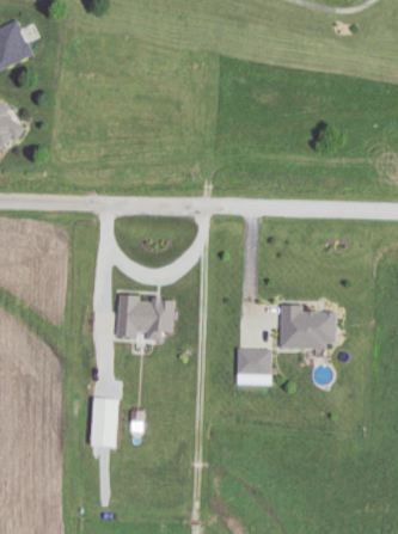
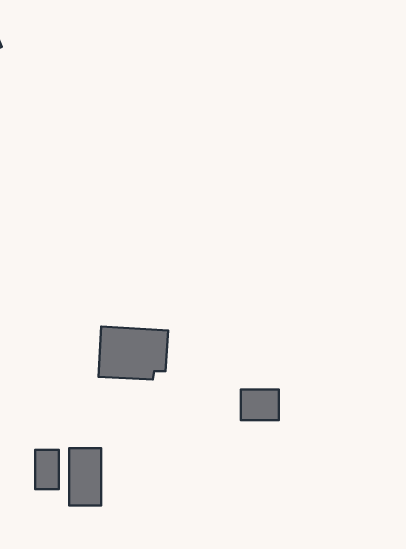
building: [278,308,335,349] -> none
building: none -> [35,450,59,489]

